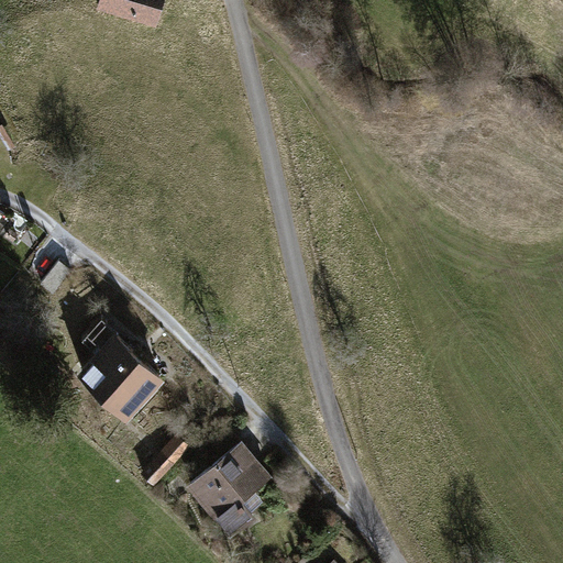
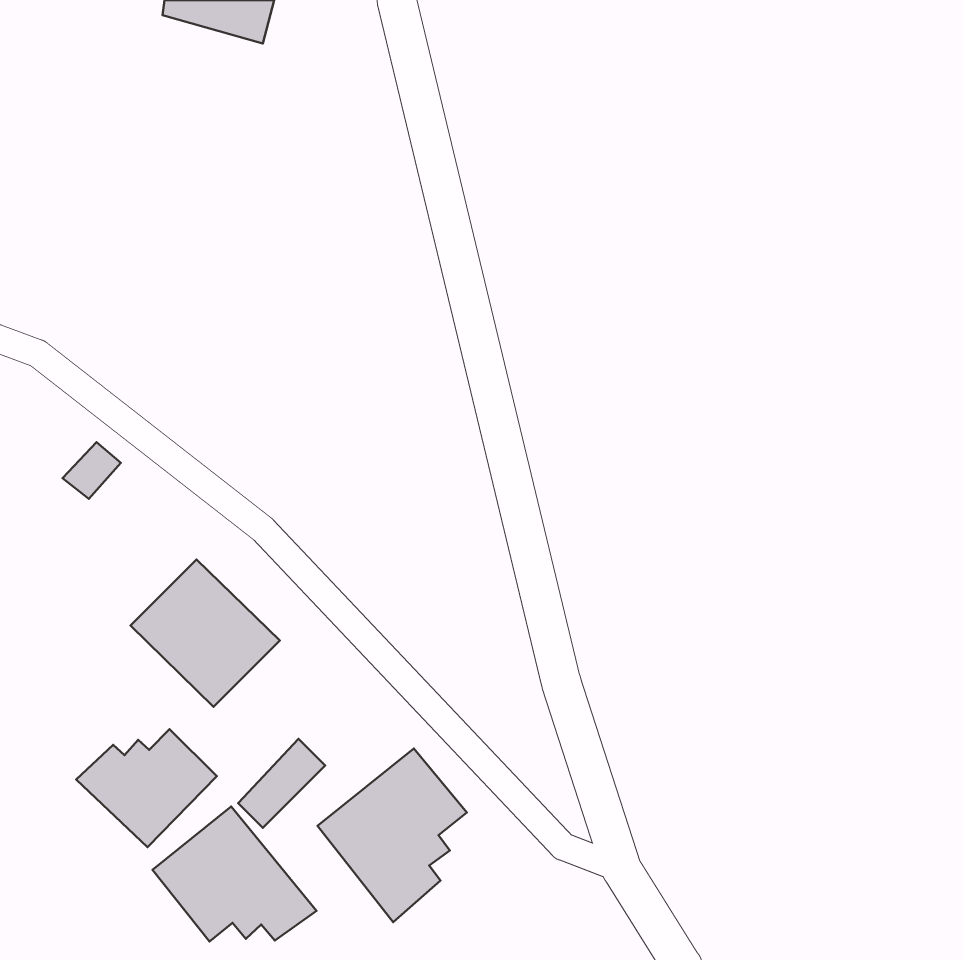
building: none -> [76,729,217,847]
building: none -> [153,807,317,942]

